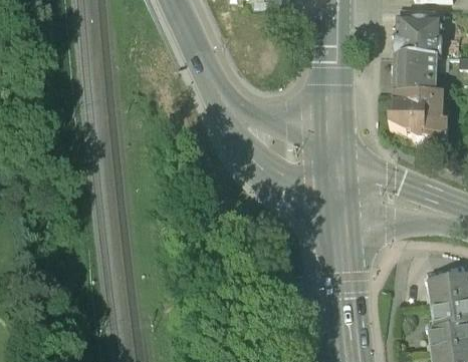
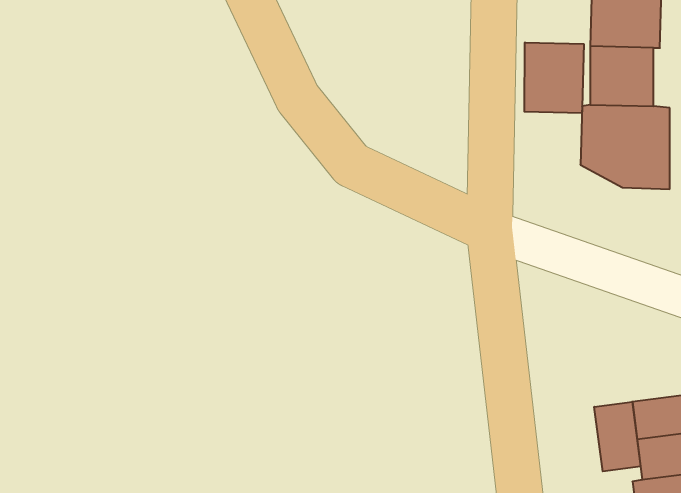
building: none -> [524,42,584,113]
building: none -> [594,402,641,471]

